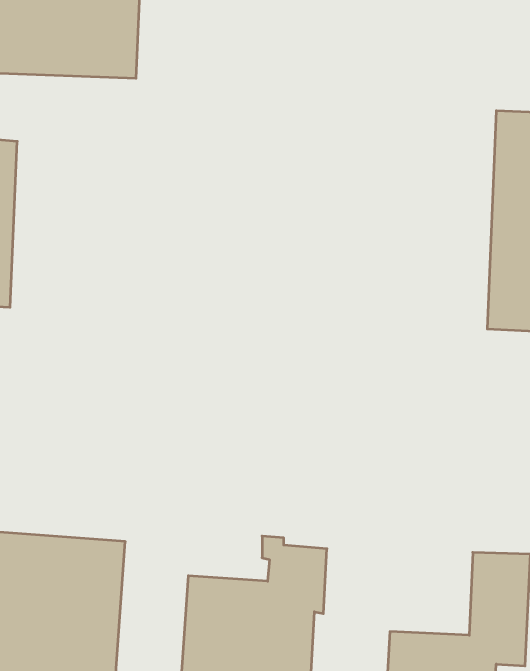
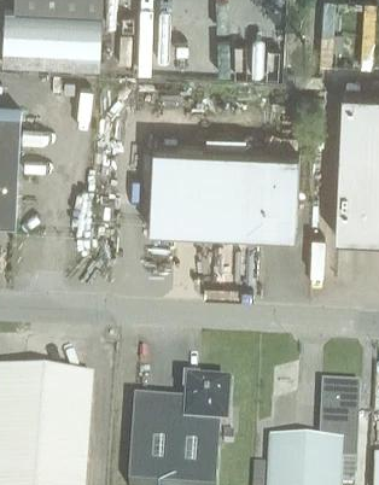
building: none -> [147,145,298,235]

